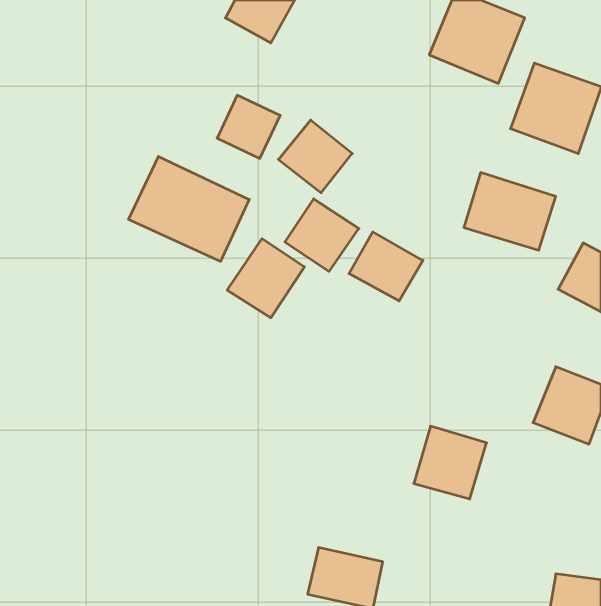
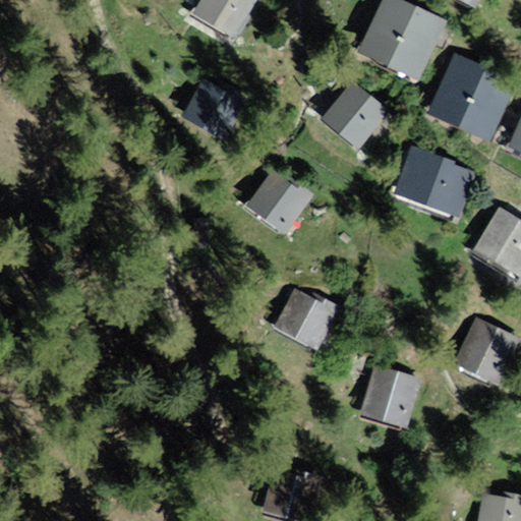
building: [278,120,352,193] -> [326,91,389,153]
building: [129,156,249,261] -> none
building: [349,232,423,301] -> [275,290,338,349]
building: [227,239,304,318] -> none

